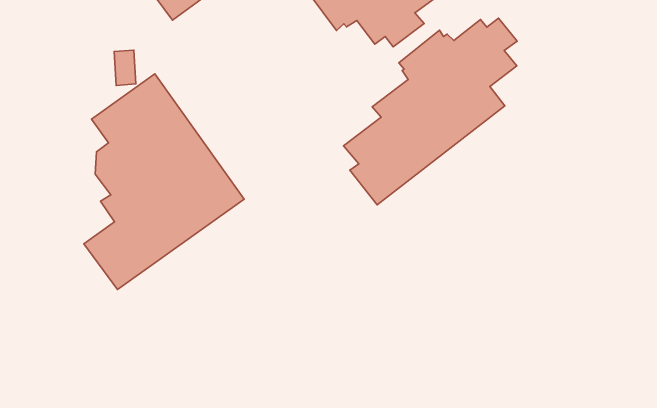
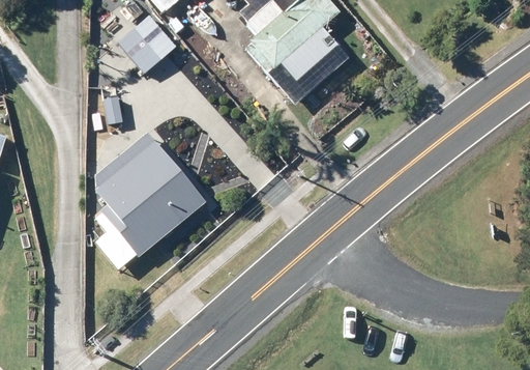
building: [343,18,517,205] -> none

